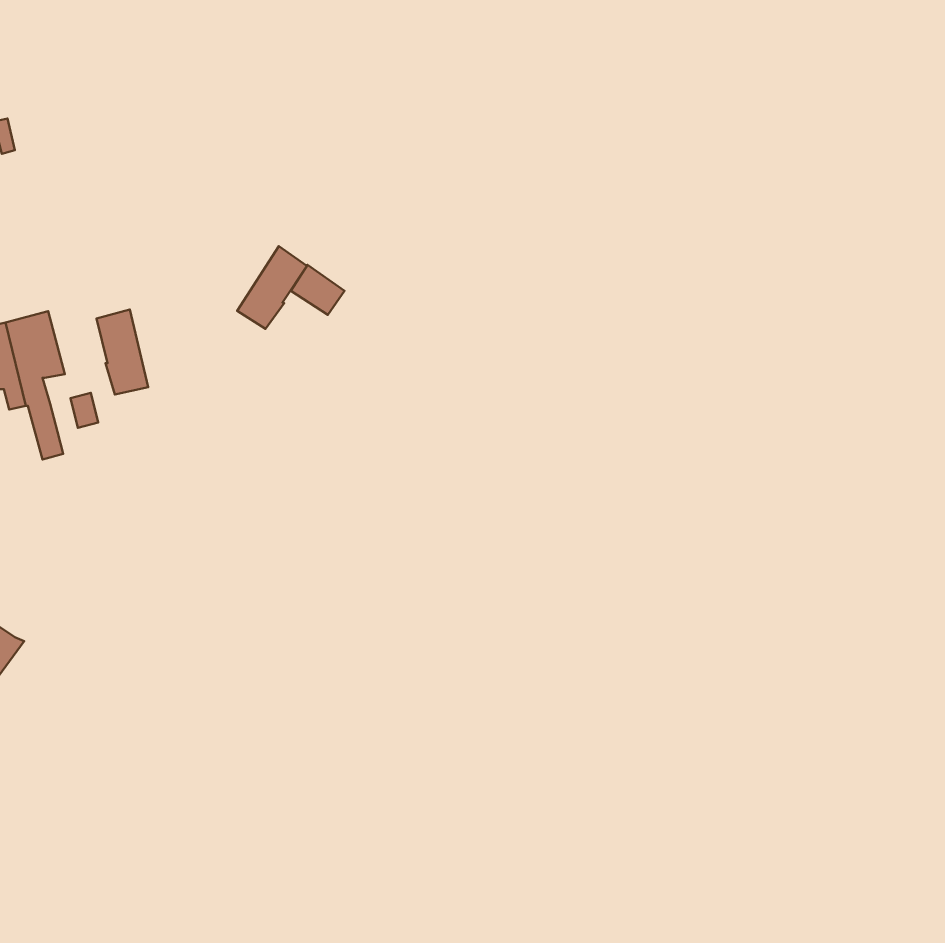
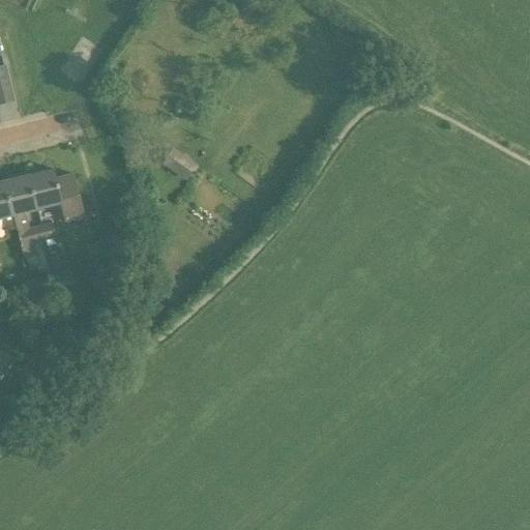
building: [237,246,307,329] -> none
building: none -> [27,169,60,209]

